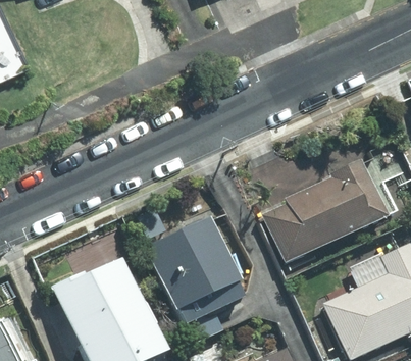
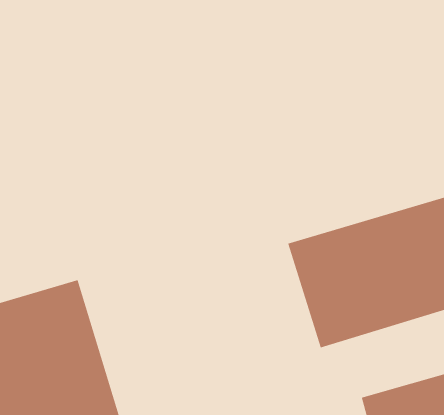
building: [148,221,244,323] -> none

